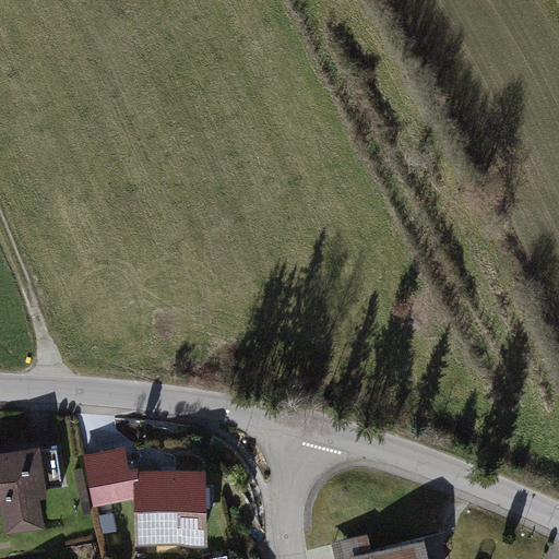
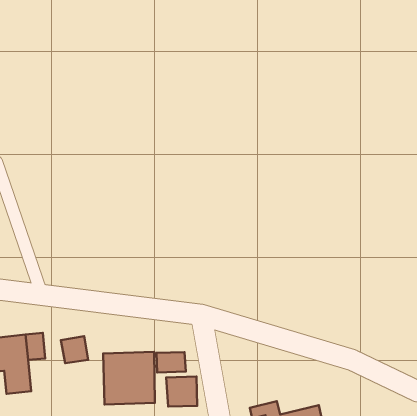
building: none -> [157,352,186,372]
building: none -> [166,377,197,407]

